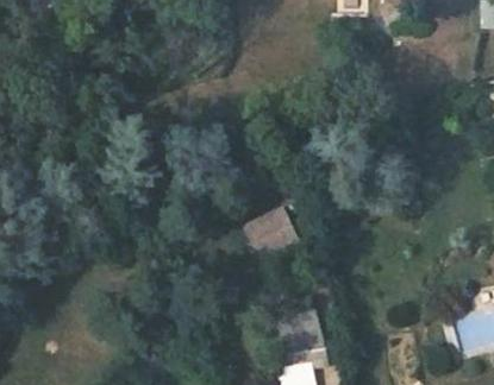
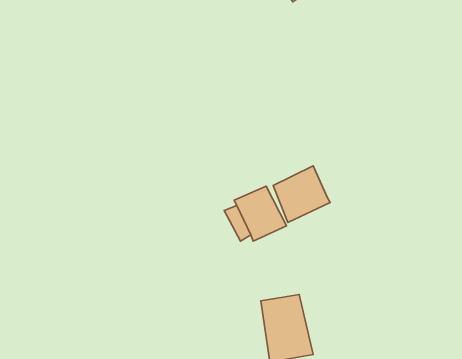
building: none -> [273,166,330,222]

